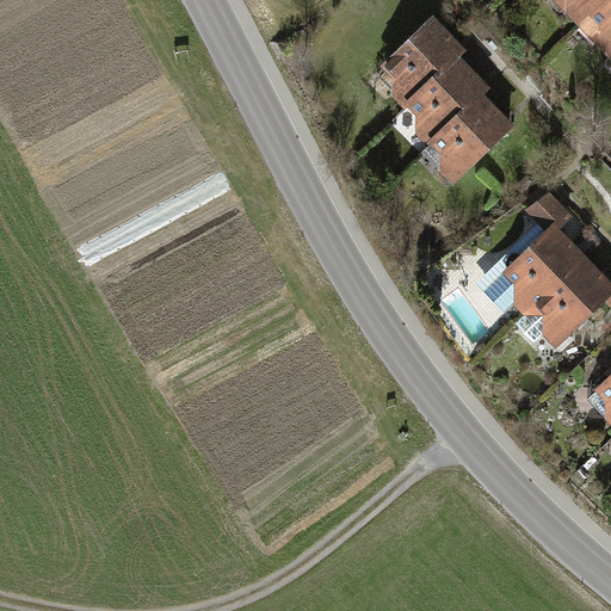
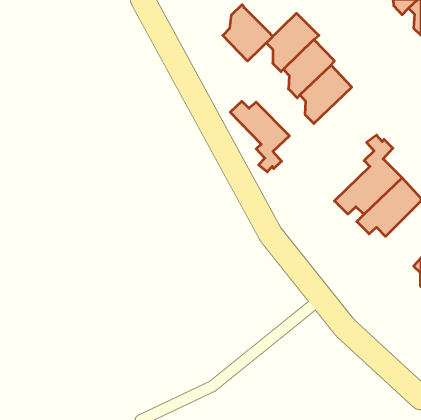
building: none -> [223,5,272,61]
building: none -> [230,101,289,172]

